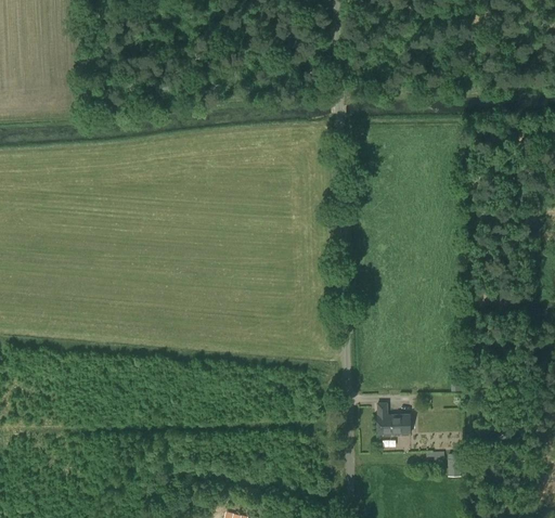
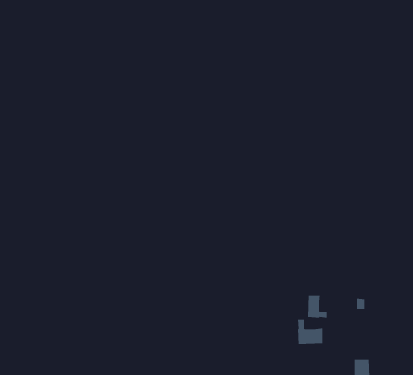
building: none -> [307,295,327,318]

